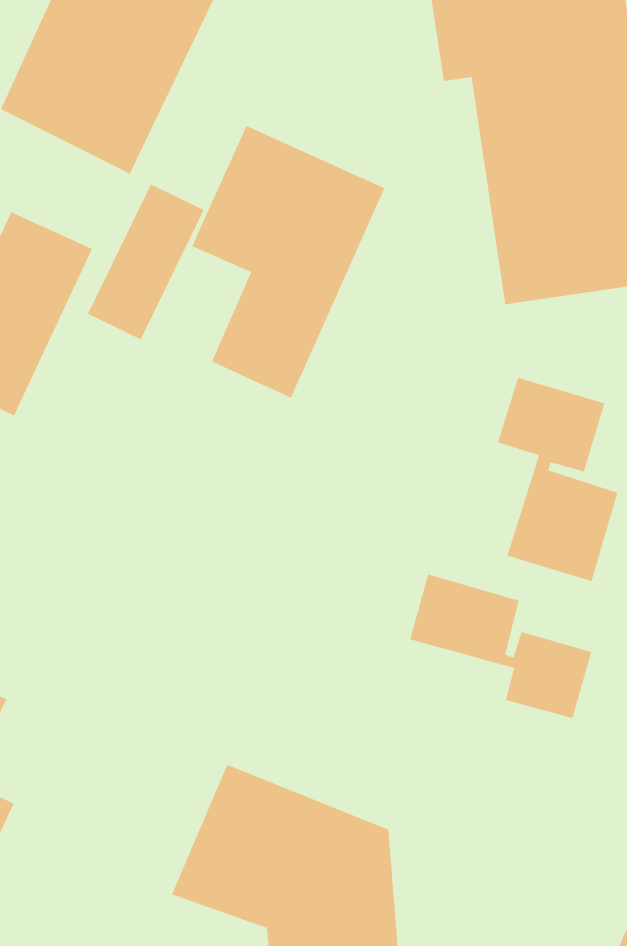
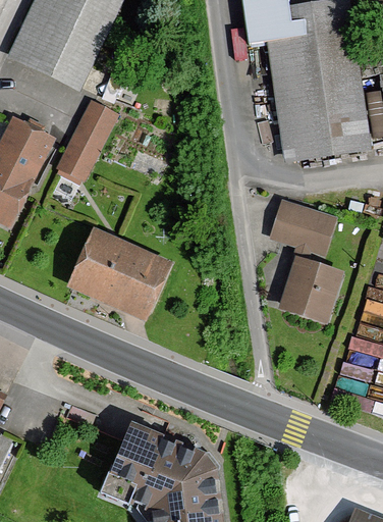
building: [192,125,385,398] -> none
building: none -> [67,222,178,321]
building: [409,574,592,719] -> none

